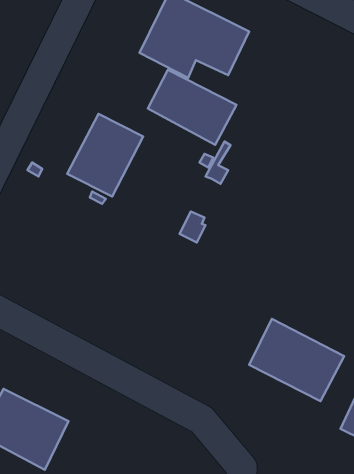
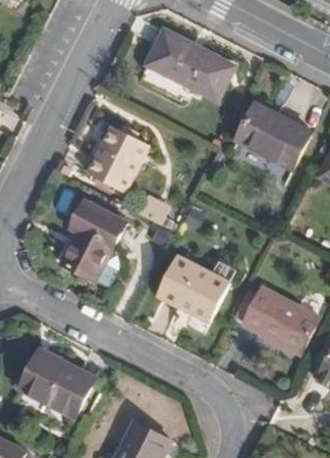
building: [148,70,236,145] -> [243,100,316,161]
building: none -> [67,201,128,279]
building: none -> [158,260,226,322]

